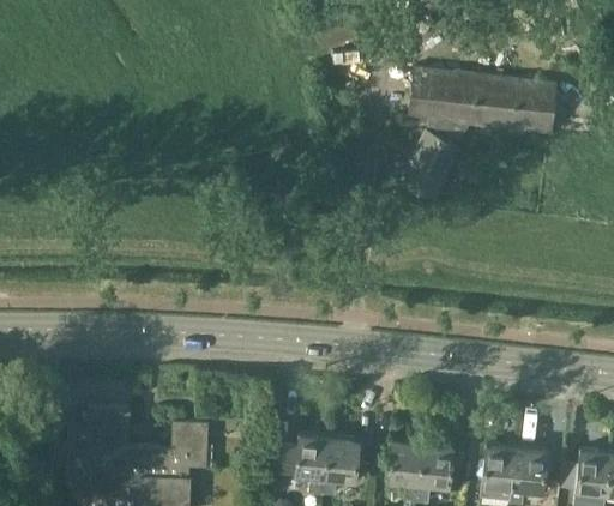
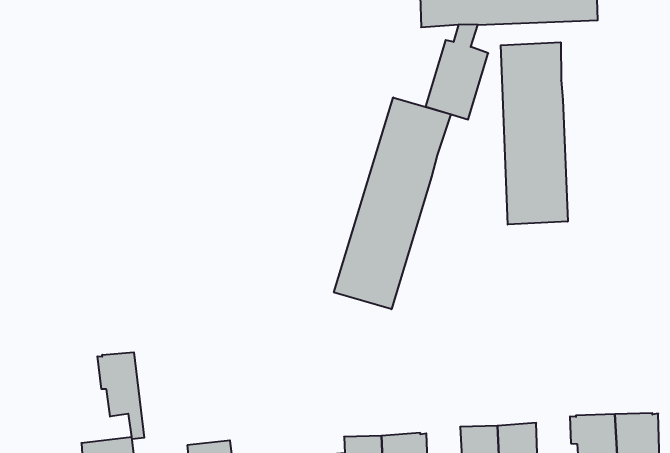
building: none -> [501,42,568,225]
building: none -> [334,97,451,309]
building: none -> [97,352,144,439]

